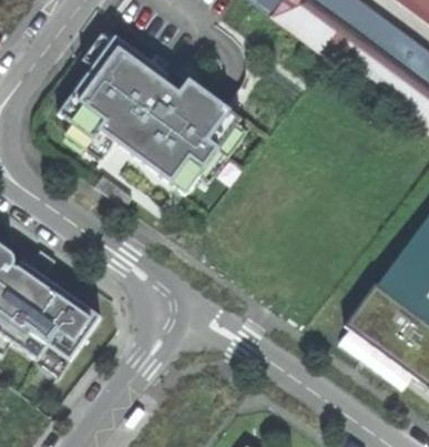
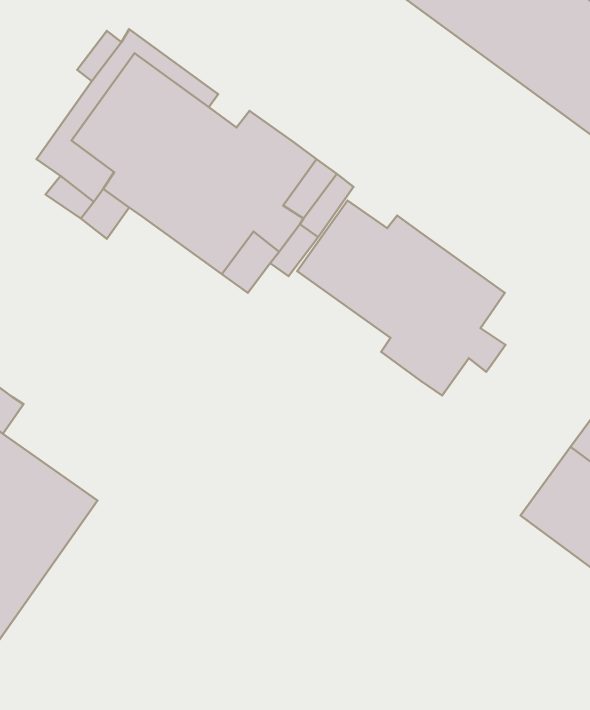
building: none -> [297,200,505,396]

